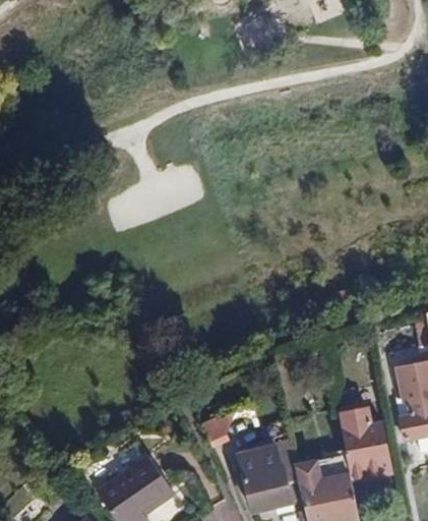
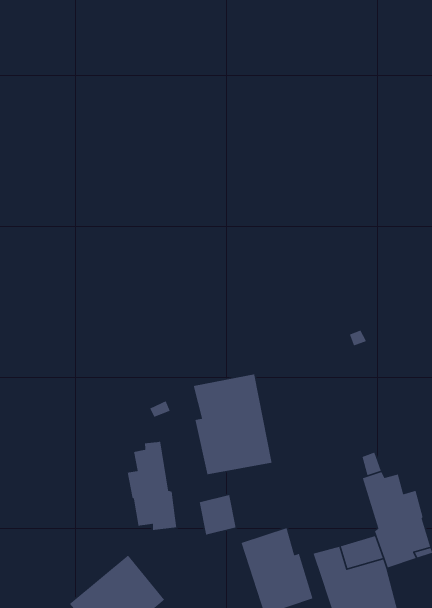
building: none -> [193,373,272,475]
building: none -> [127,441,177,531]

